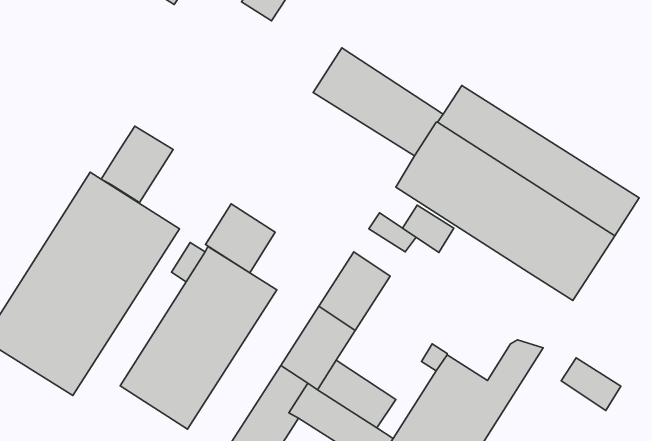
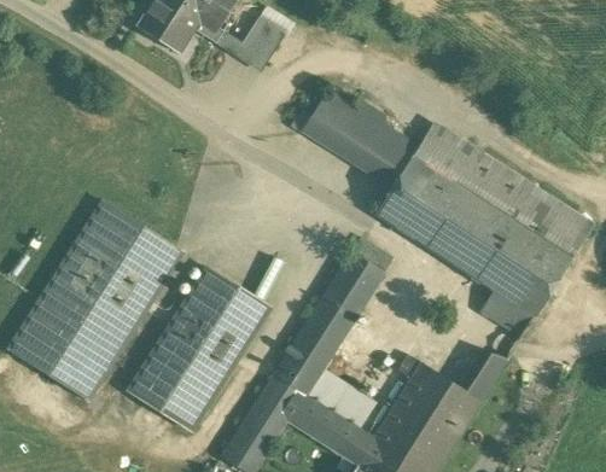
building: [101,126,173,202] -> none
building: [206,204,275,273] -> none
building: [402,205,454,252] -> [338,252,384,295]
building: [561,358,621,411] -> [480,291,534,338]

